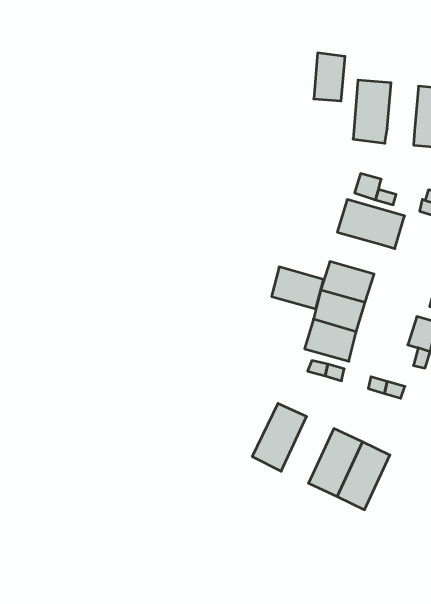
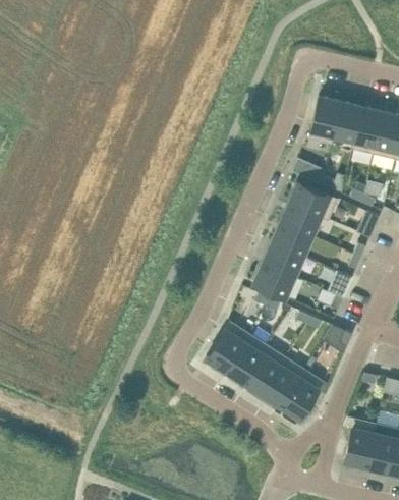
building: [314,53,345,101] -> [334,103,360,140]
building: [272,267,323,309] -> [280,205,319,238]
building: none -> [225,334,267,382]
building: none -> [281,370,324,419]

